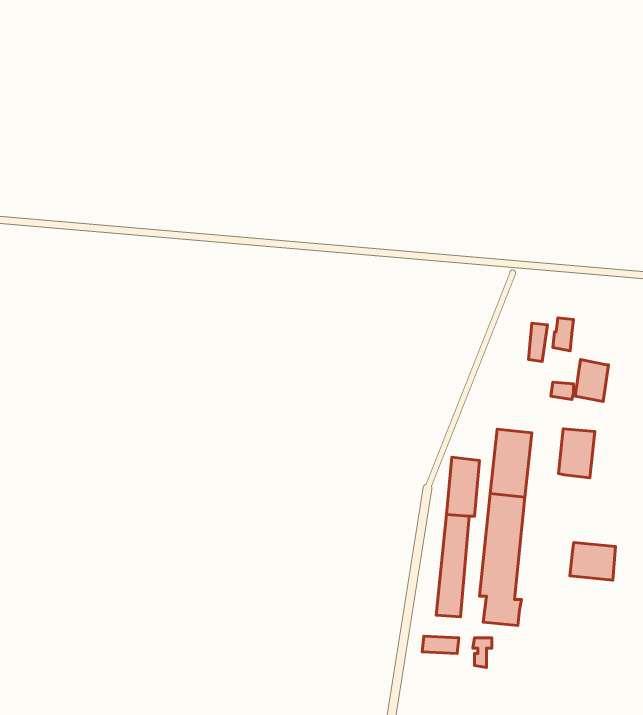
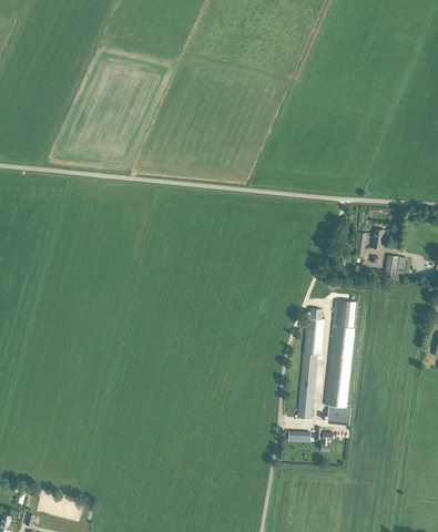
building: [558,429,595,478] -> none
building: [570,542,616,580] -> none

